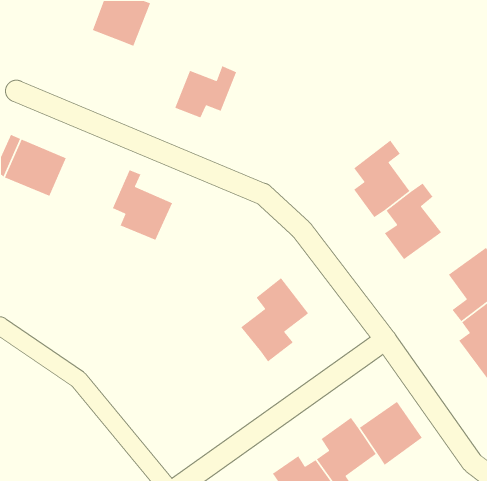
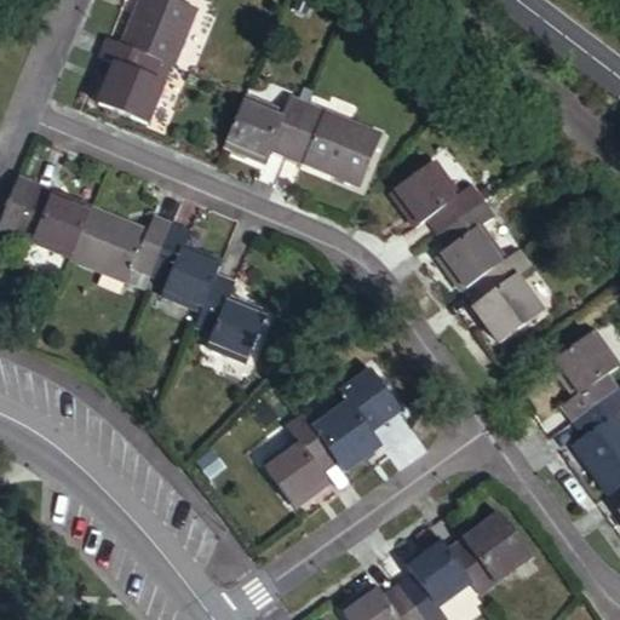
building: none -> [94,41,163,126]
building: none -> [282,101,371,179]
building: none -> [396,145,496,223]
building: none -> [65,209,166,282]
building: none -> [191,282,264,378]
building: none -> [258,409,332,507]

